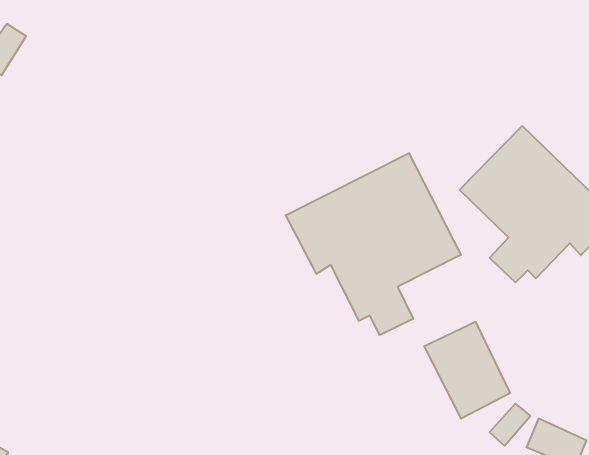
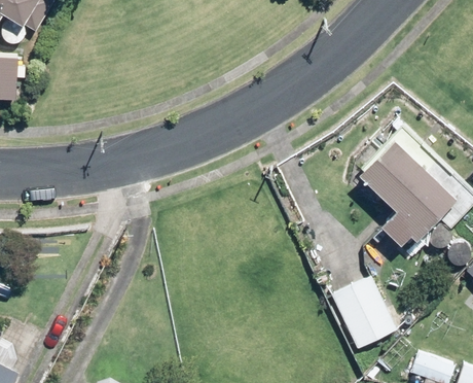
building: [286,153,461,335] -> none

